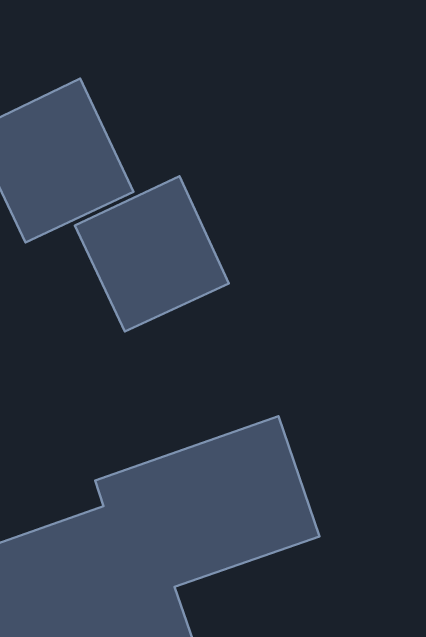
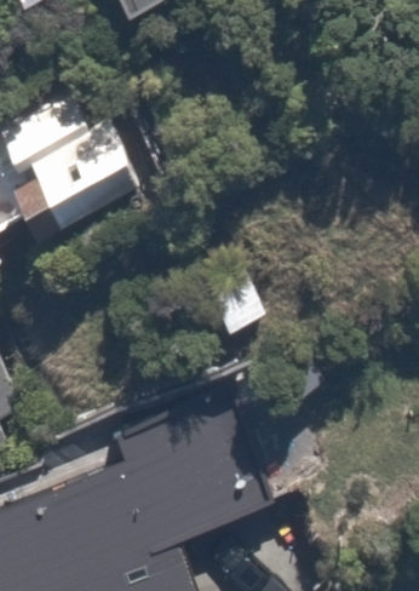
building: [75,176,229,332] -> none

